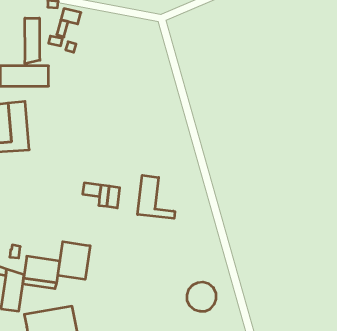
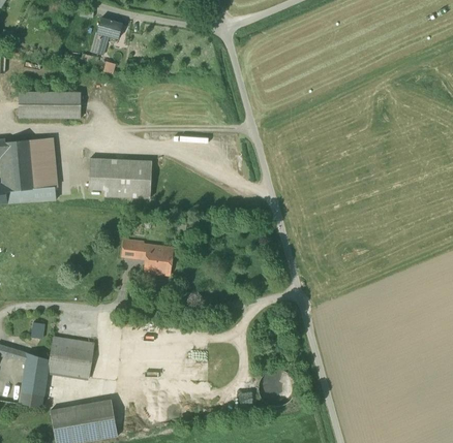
building: [25,18,40,64] -> none
building: none -> [88,158,152,199]
building: [138,175,175,218] -> none
building: [58,242,90,279] -> none

